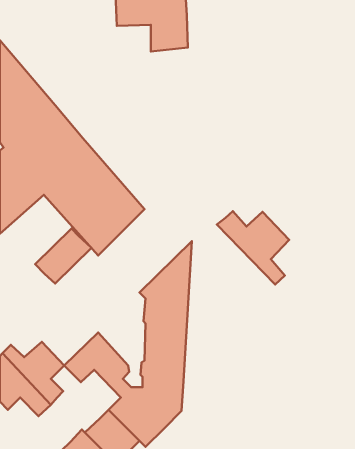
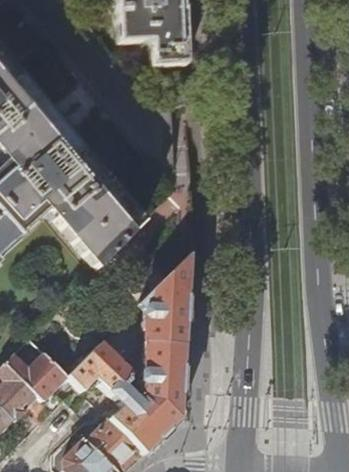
building: [217,211,289,284] -> none
building: [35,229,92,283] -> none

